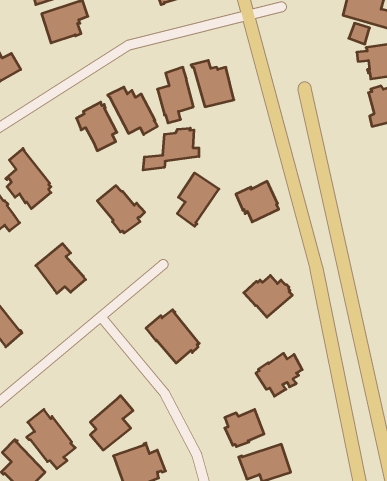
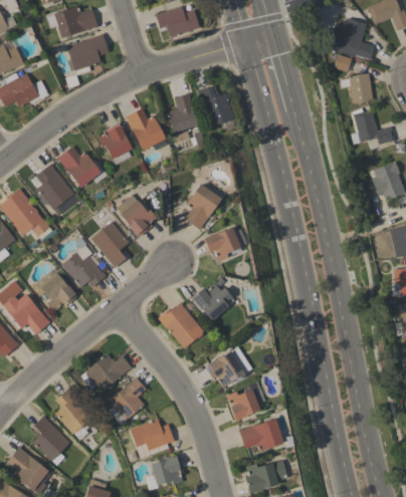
building: [143,128,199,170] -> none
building: none -> [57,146,108,188]
building: [236,181,279,222] -> [204,227,241,262]
building: none -> [91,216,129,268]
building: [244,275,292,317] -> [192,283,234,319]
building: none -> [37,273,76,311]
building: [256,353,302,396] -> [206,350,246,388]
building: none -> [80,353,133,392]

